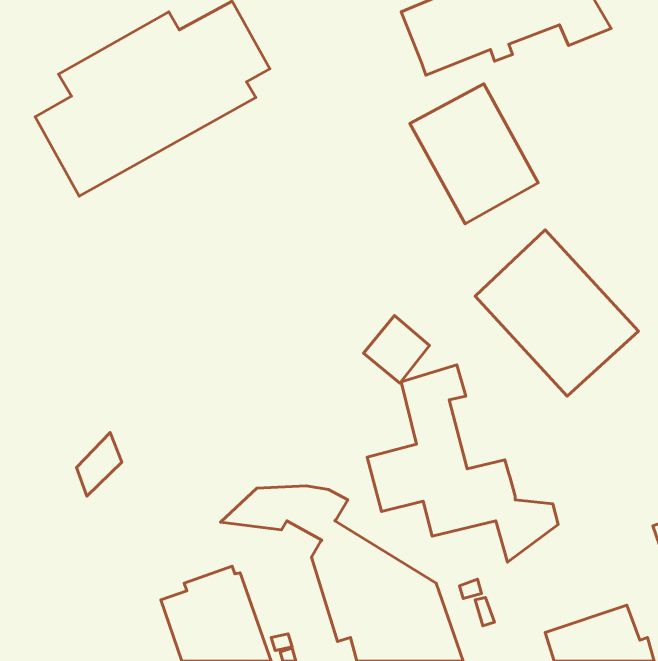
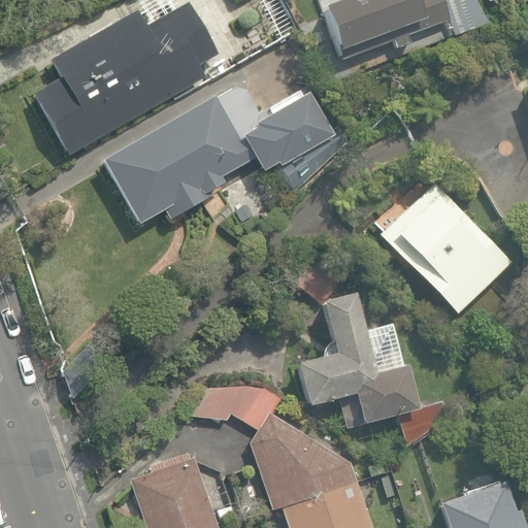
building: [410,84,538,224] -> none
building: none -> [105,86,332,222]

